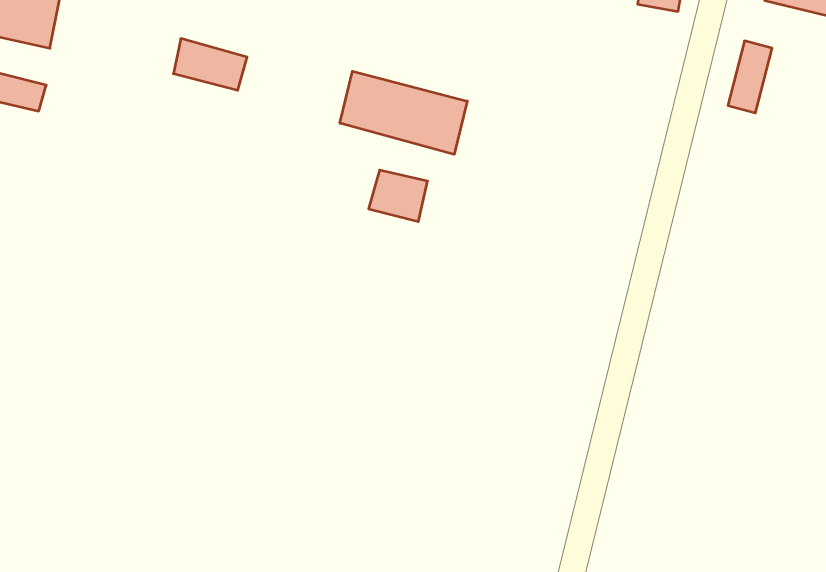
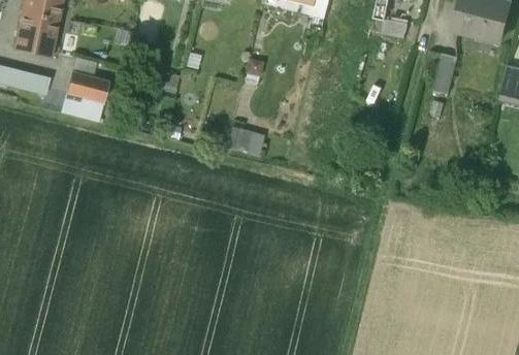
building: [173,39,247,90] -> [68,72,109,101]
building: [340,71,467,154] -> none

